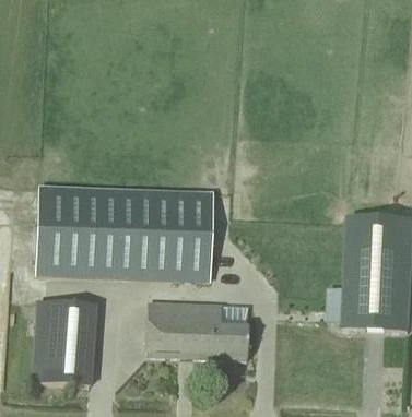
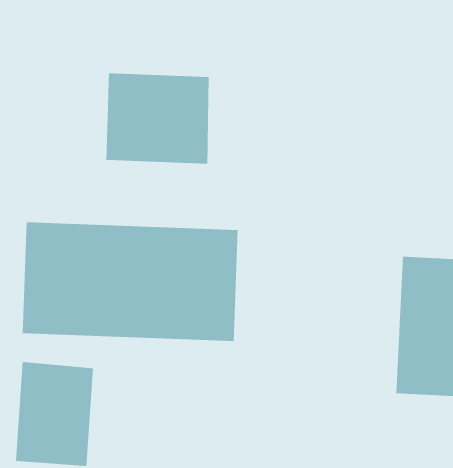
building: none -> [106,73,209,164]
building: [145,300,248,359] -> none

